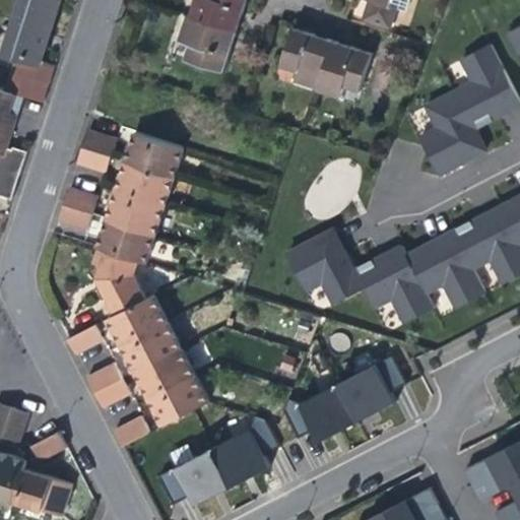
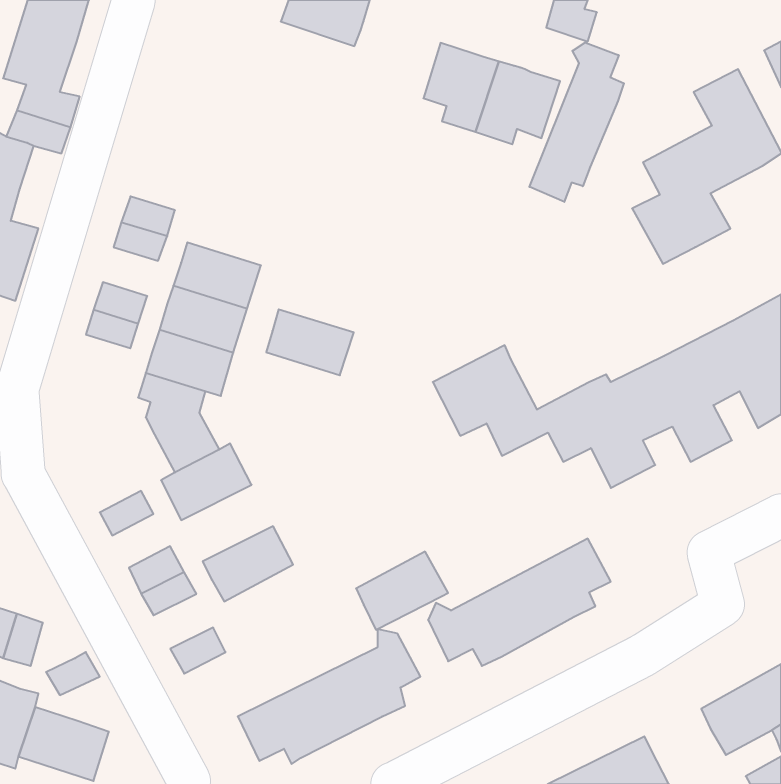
building: [179,14,235,70] -> none
building: none -> [529,42,624,202]
building: [124,132,182,176] -> [266,309,354,375]
building: [120,321,181,372] -> none
building: [148,374,209,426] -> [356,552,448,630]

